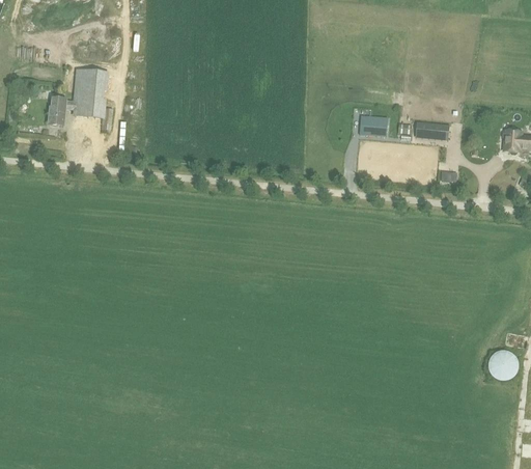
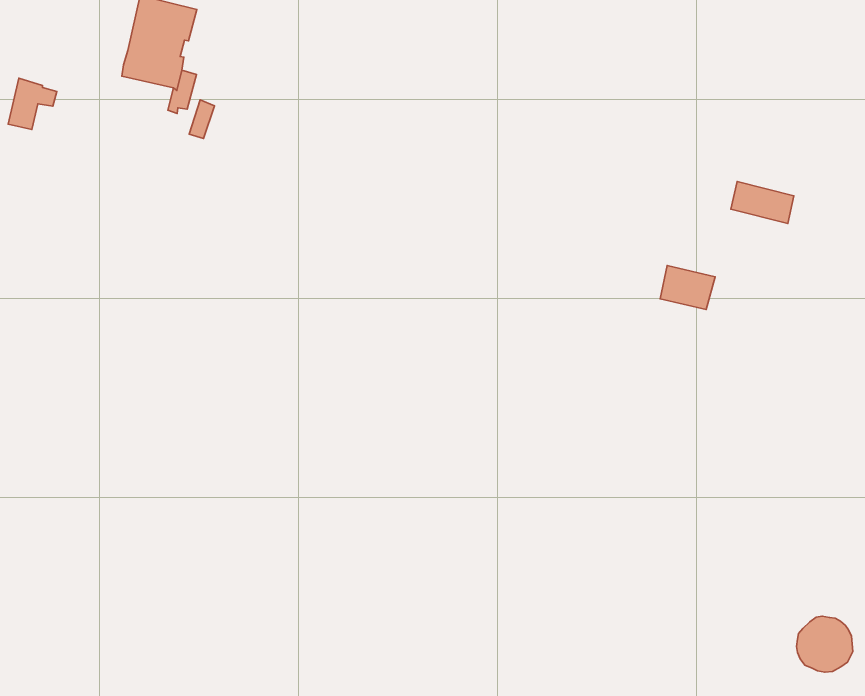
building: [50,96,74,123] -> [8,78,57,130]
building: [359,115,387,136] -> [660,265,715,310]

